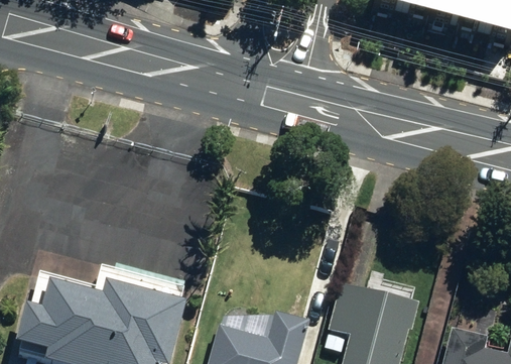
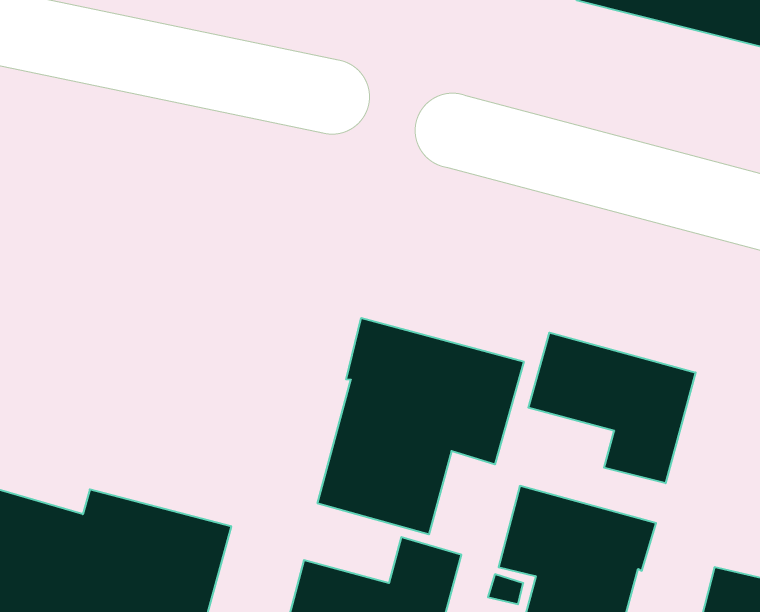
building: none -> [318,318,524,534]
building: none -> [528,333,696,483]

